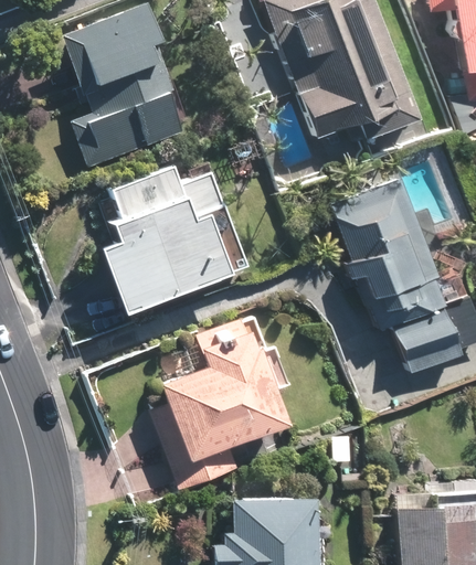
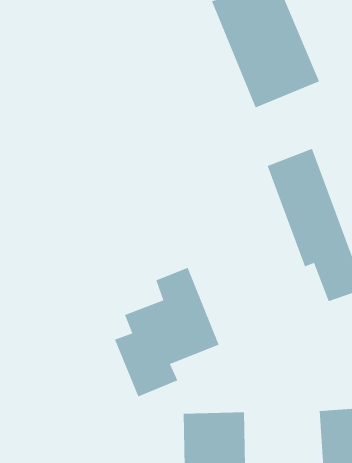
building: [66,15,178,156] -> none
building: [107,179,236,306] -> none

